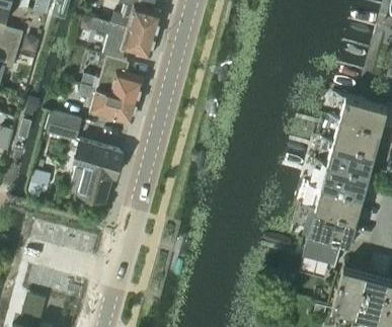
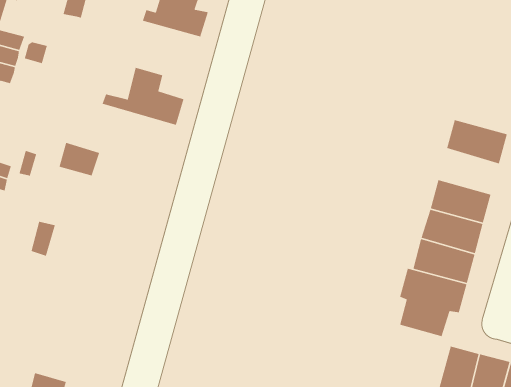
building: [89,17,155,59] -> none
building: [77,85,137,121] -> none
building: [334,118,381,153] -> none
building: [76,142,123,203] -> none

